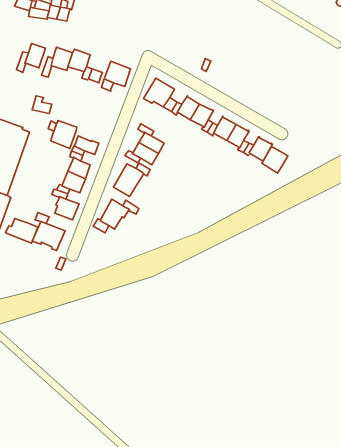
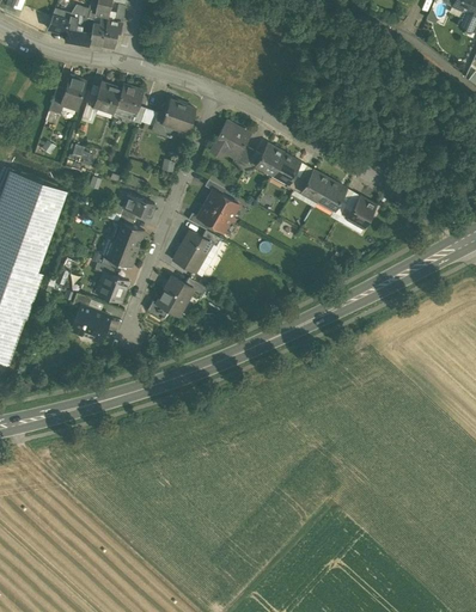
building: [51,121,77,149] -> none
building: [262,146,288,173] -> none
building: [6,219,38,243] -> none

